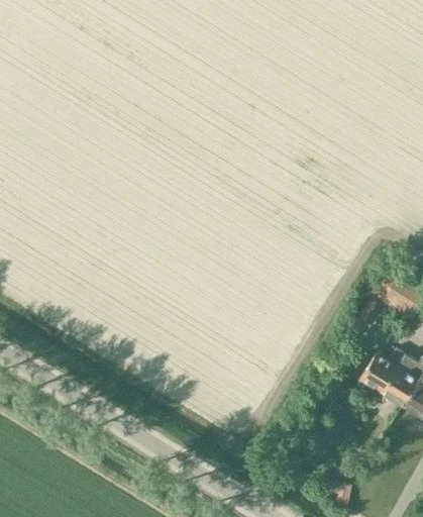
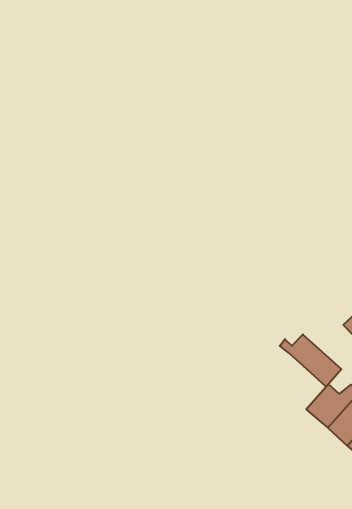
building: none -> [280,334,341,387]

